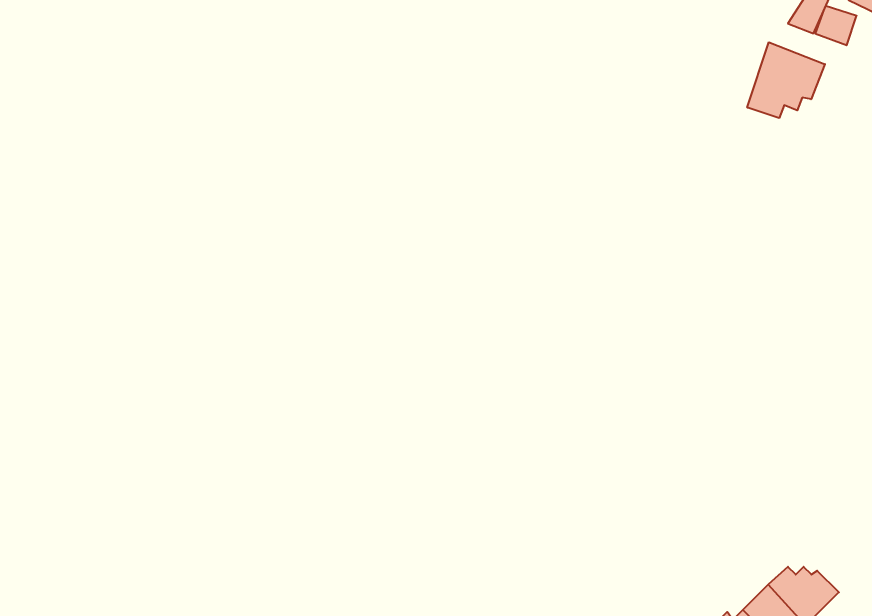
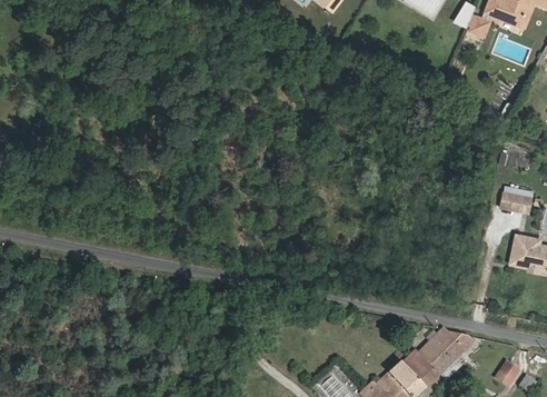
building: [747,42,825,118] -> none

